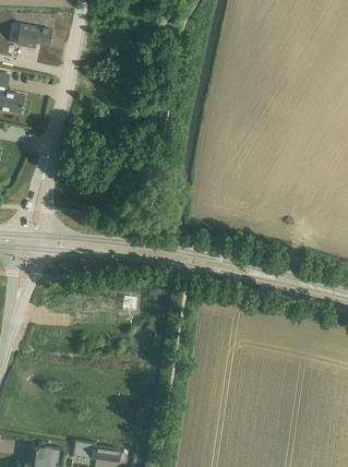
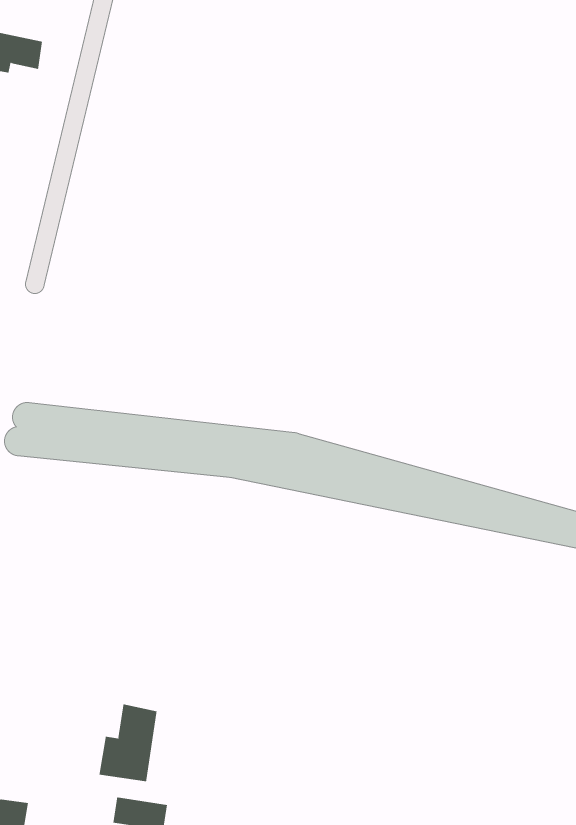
building: none -> [99,703,157,782]

